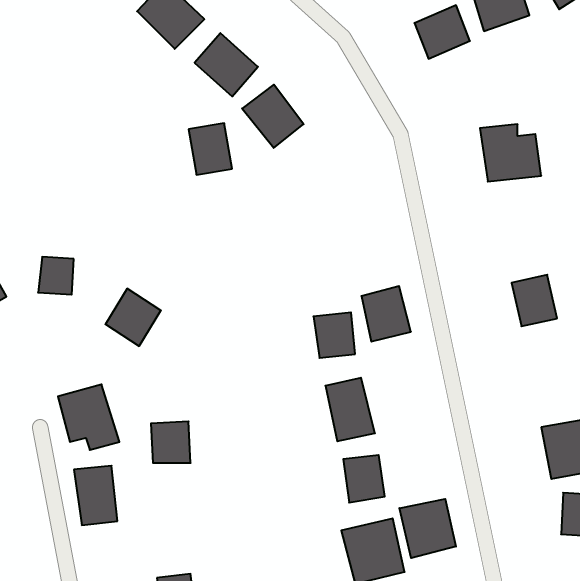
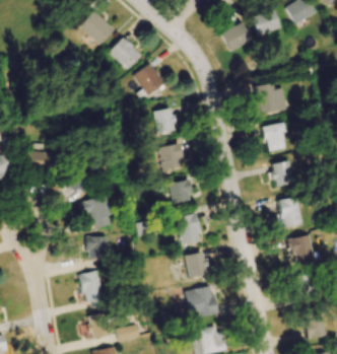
building: [189,123,232,175] -> [154,109,177,135]
building: none -> [264,123,288,152]
building: [361,286,411,342] -> [159,144,185,172]
building: none -> [279,198,302,228]
building: [58,384,119,450] -> [80,196,112,229]
building: [74,466,117,525] -> [80,272,103,302]
building: [399,499,456,558] -> none

